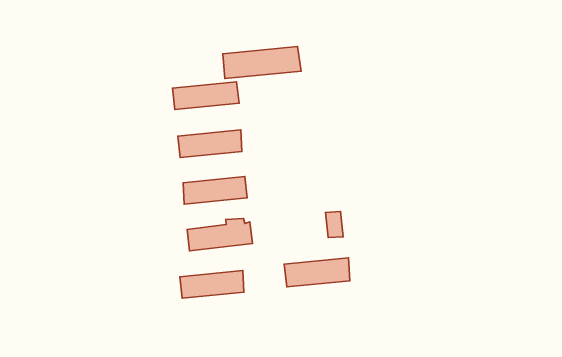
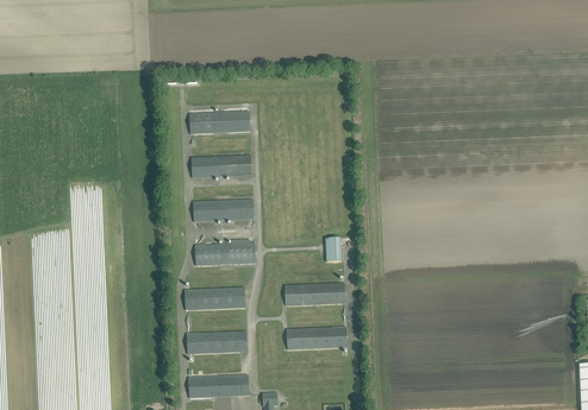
building: [223,47,301,79] -> none
building: none -> [286,324,346,348]
building: none -> [186,330,246,353]

